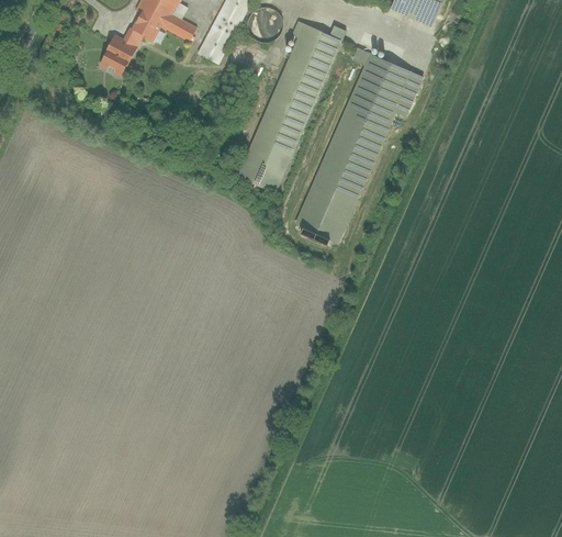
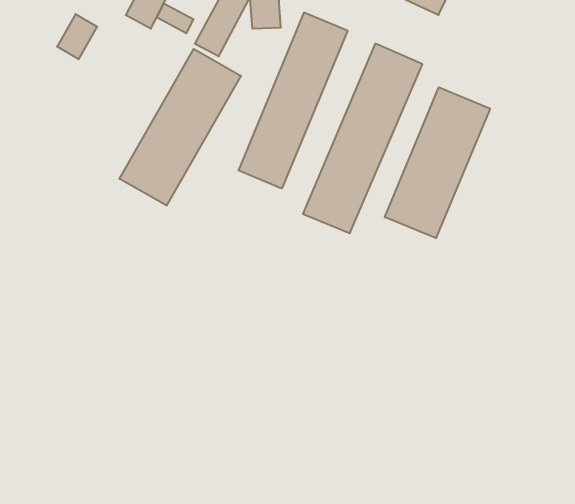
building: [99,33,137,76] -> [57,14,97,59]
building: none -> [119,49,241,206]
building: none -> [385,87,490,238]

